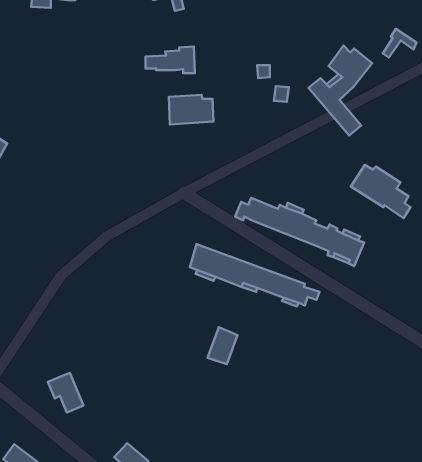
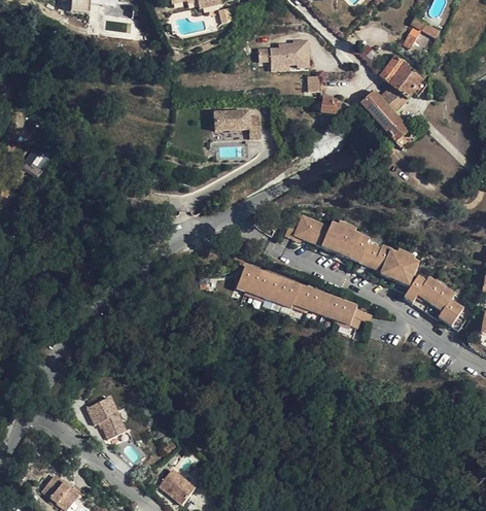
building: [383,29,417,57] -> [404,16,439,46]
building: [145,47,195,73] -> [258,38,310,66]
building: [351,165,410,218] -> [403,273,464,329]
building: [207,327,238,364] -> none

